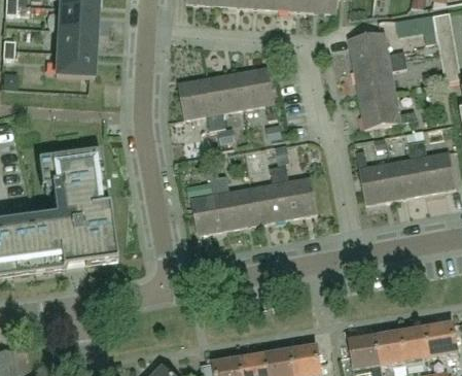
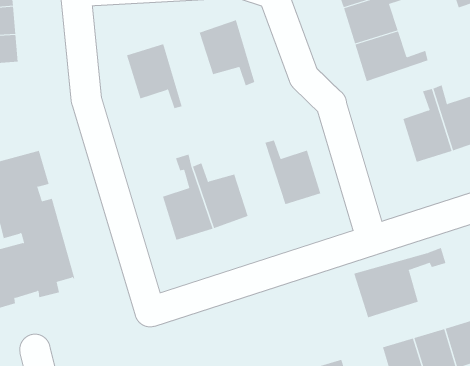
building: [210,72,245,129] -> none
building: [357,150,396,203] -> none
building: [252,166,288,223] -> none
building: none -> [354,247,446,318]

